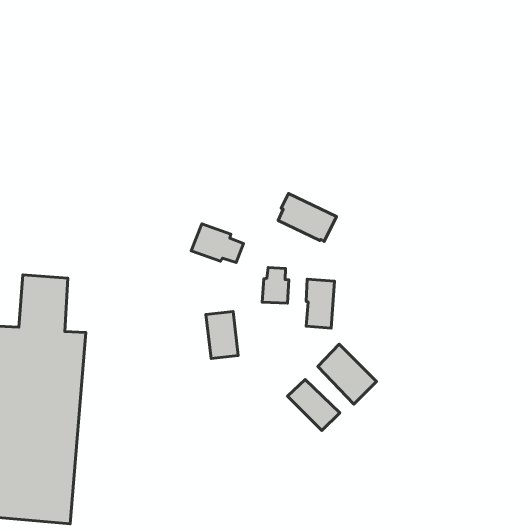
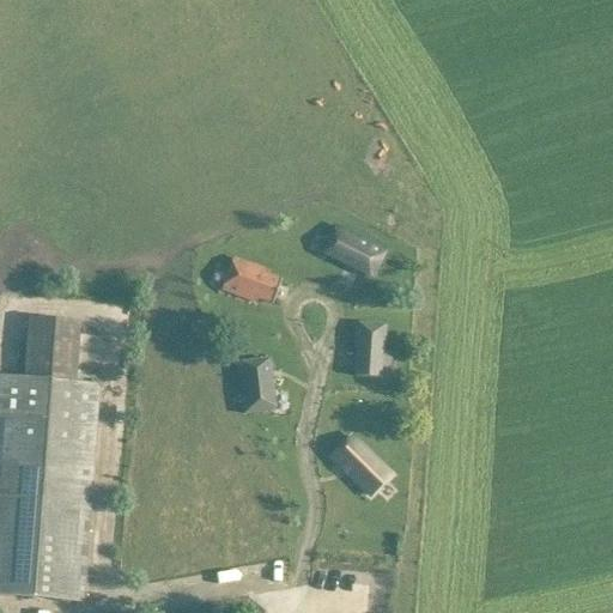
building: [262,268,289,303] -> none
building: [318,344,377,404] -> none

